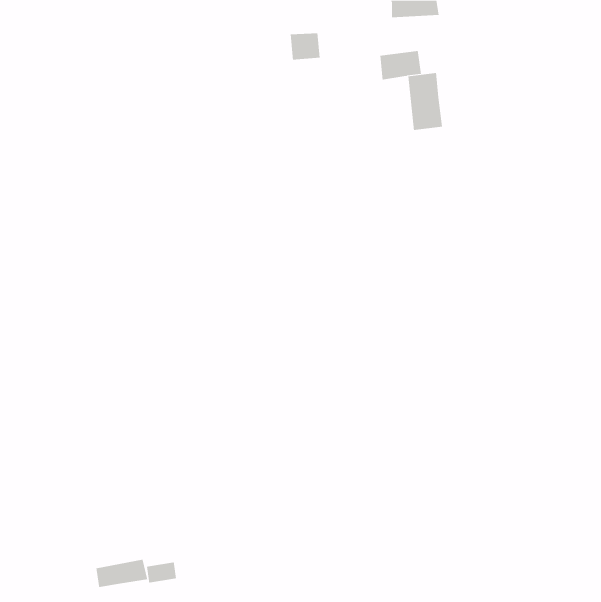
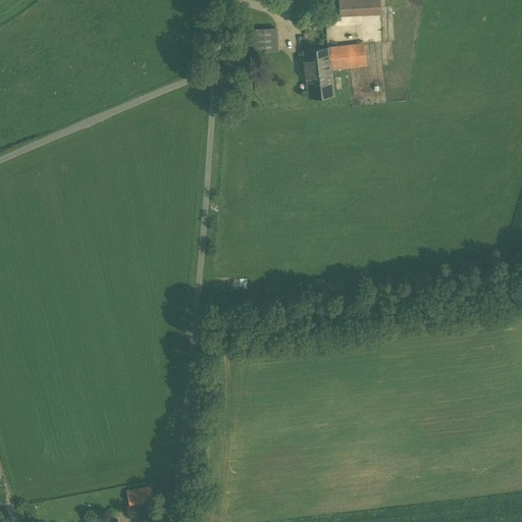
building: [407,73,443,130] -> [304,48,334,98]
building: [96,559,148,588] -> none

